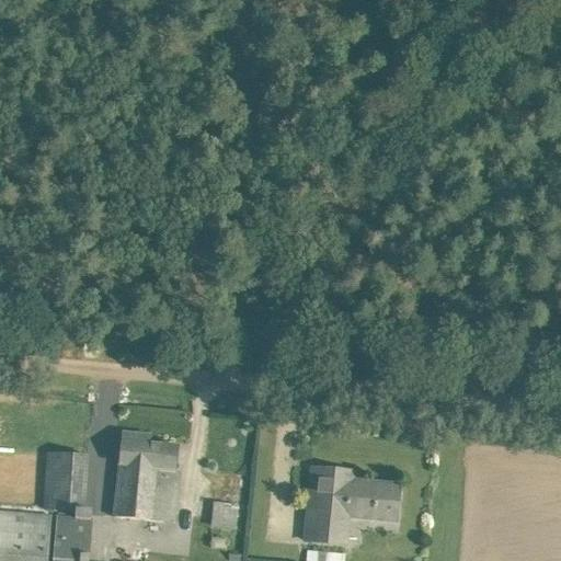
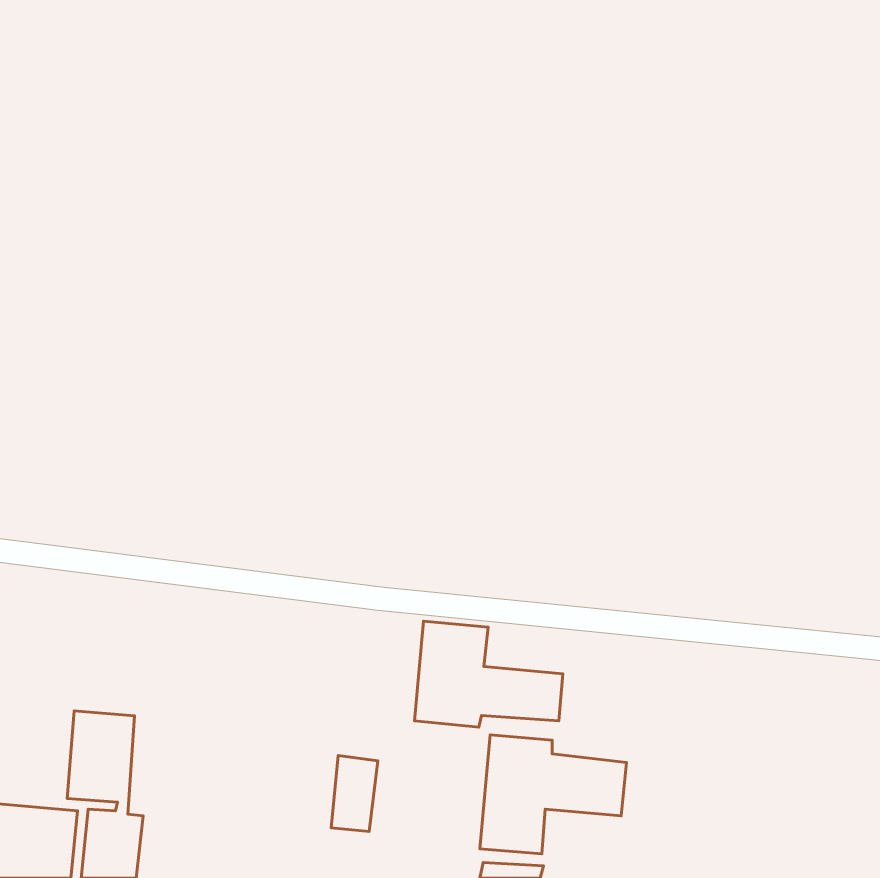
building: none -> [414,621,563,727]
building: [113,432,180,522] -> none

